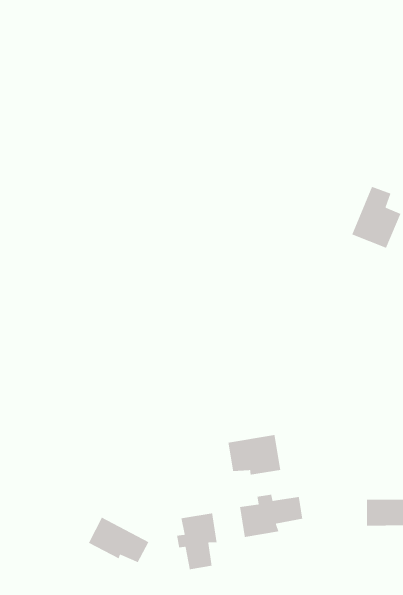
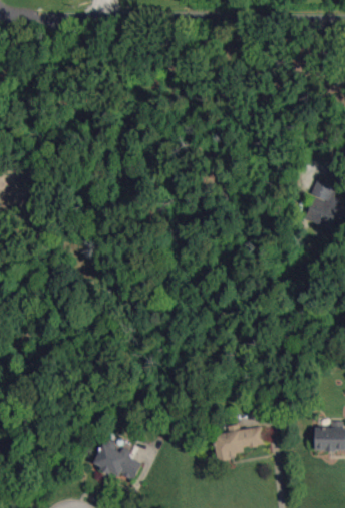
building: [227,434,281,476] -> none
building: [176,512,217,570] -> none

